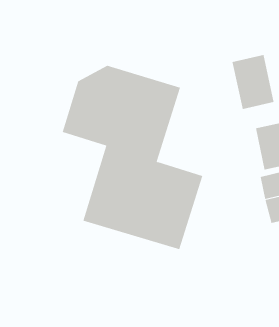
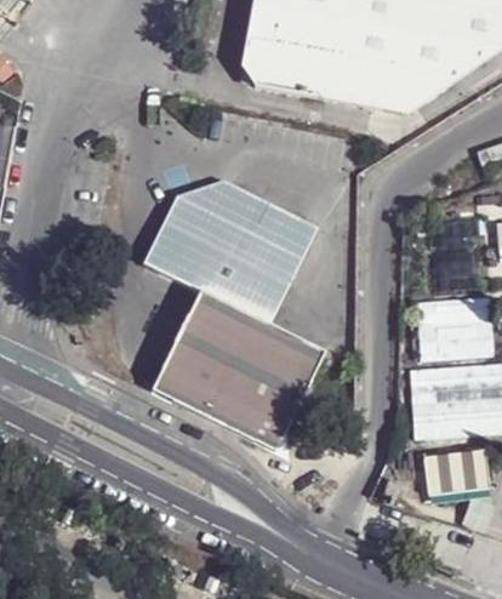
building: [232,54,274,110] -> none

